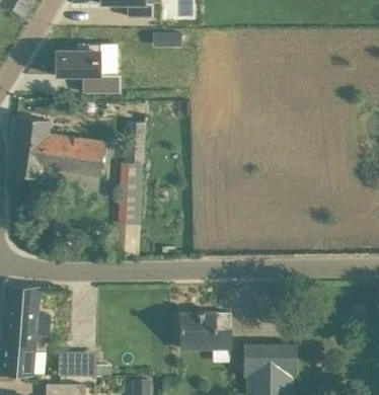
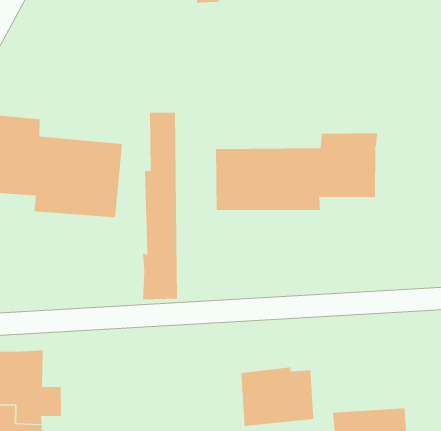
building: [55,44,121,92] -> none
building: none -> [215,133,377,211]

